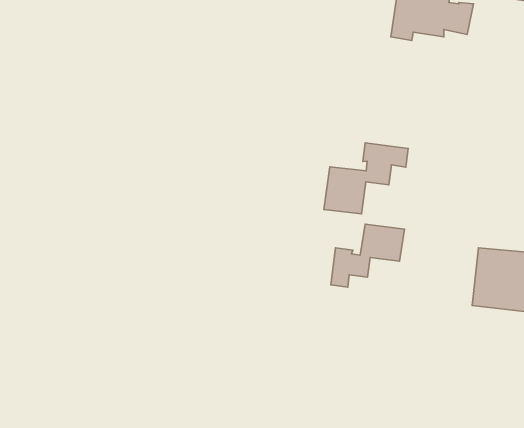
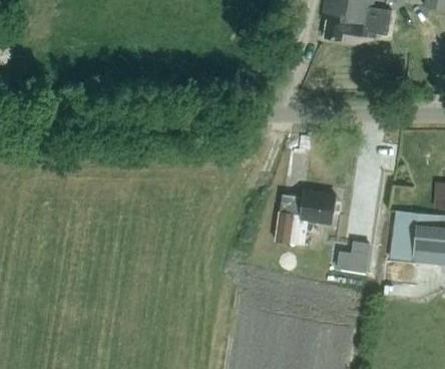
building: [324,143,408,214] -> none
building: none -> [337,242,369,272]

